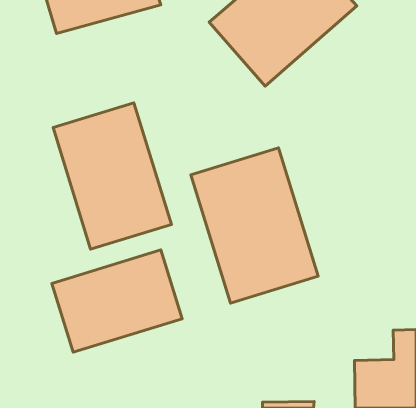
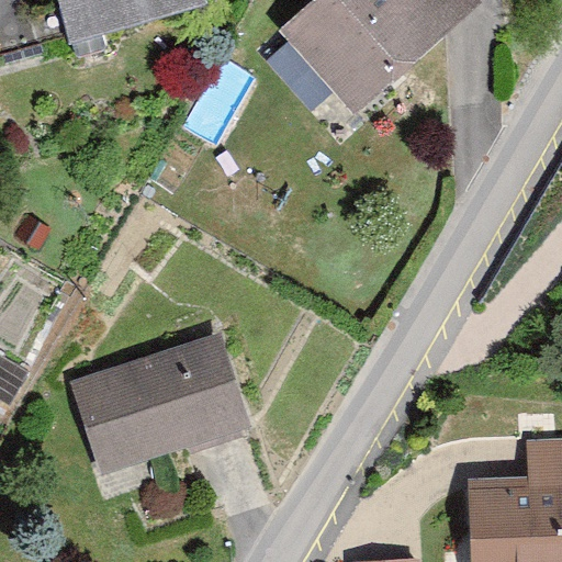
building: [53,103,171,249] -> none
building: [191,148,318,303] -> none

